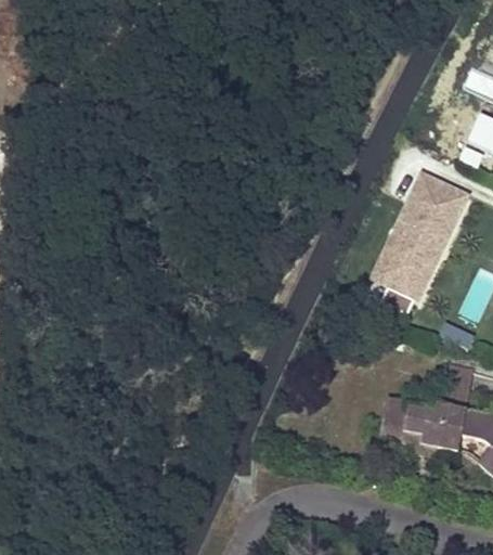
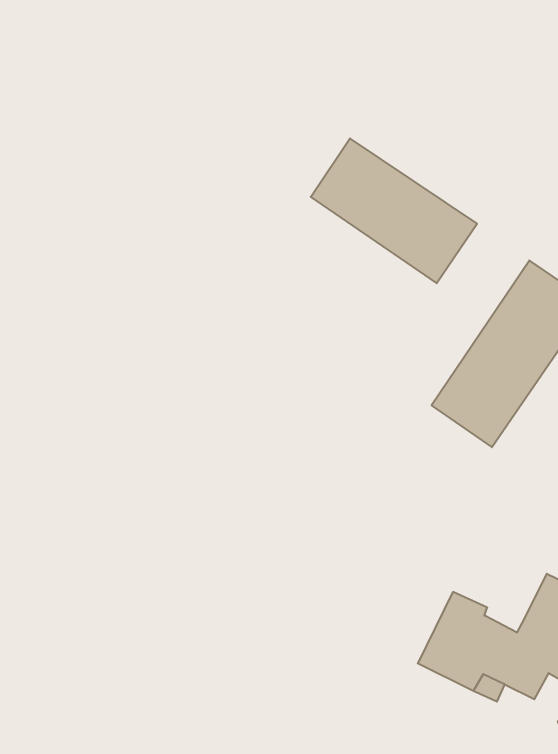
building: none -> [311,138,477,283]

